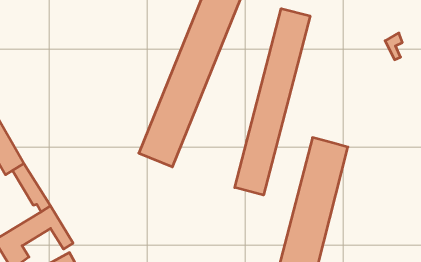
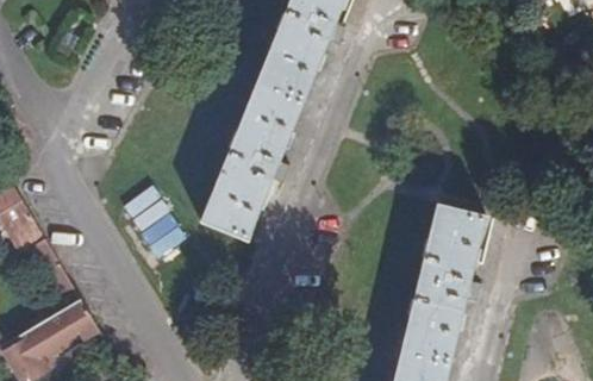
building: [235,9,310,195] -> none

